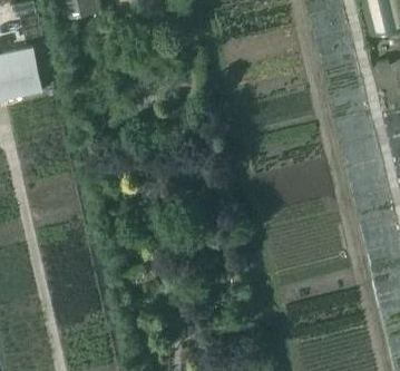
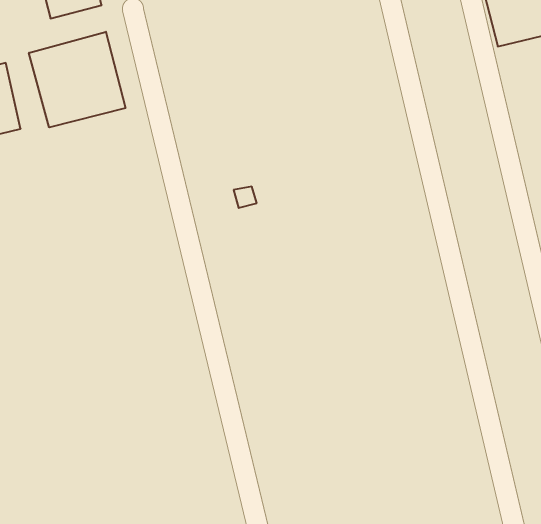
building: none -> [29,32,125,127]

